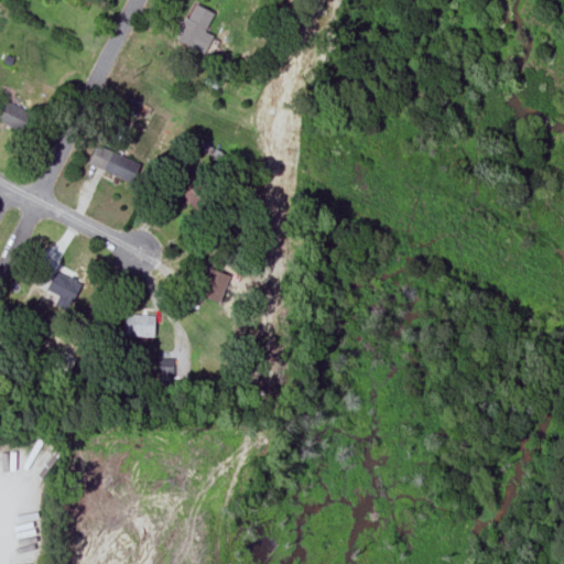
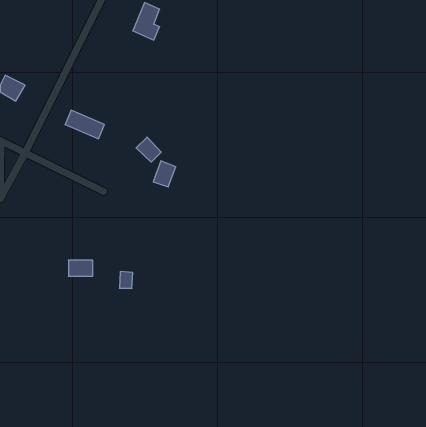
building: [48,267,85,312] -> none
building: [199,268,229,302] -> [153,161,176,187]
building: [122,314,154,335] -> [68,260,93,276]

